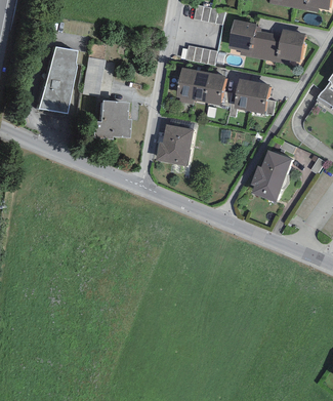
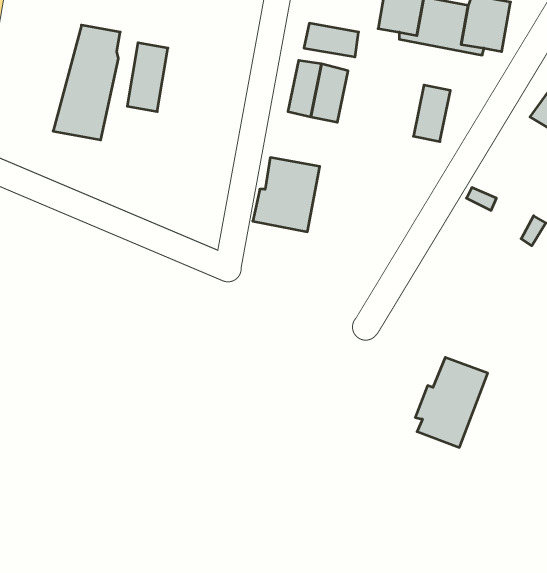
building: [204,73,225,106] -> none
building: [233,77,254,111] -> none
building: [94,99,131,138] -> none
building: [250,149,292,201] -> [415,357,488,447]

